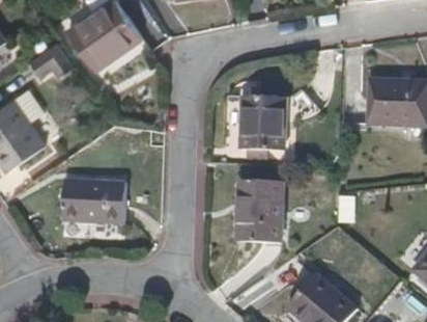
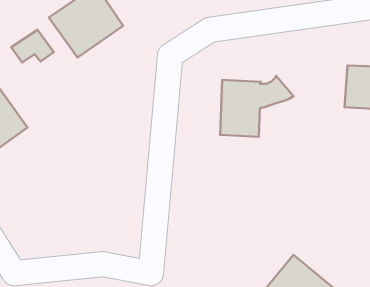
building: [62,180,125,223] -> none
building: [235,181,283,243] -> none

